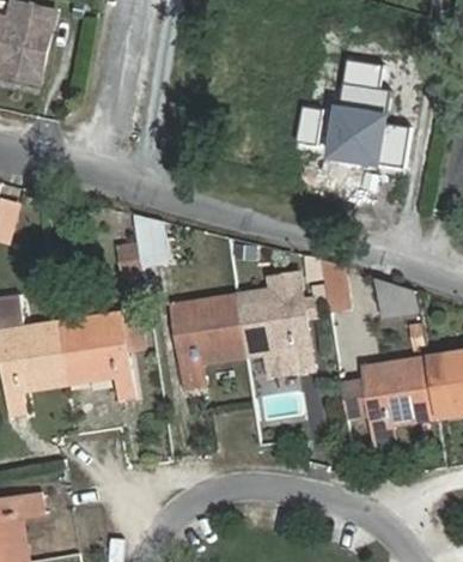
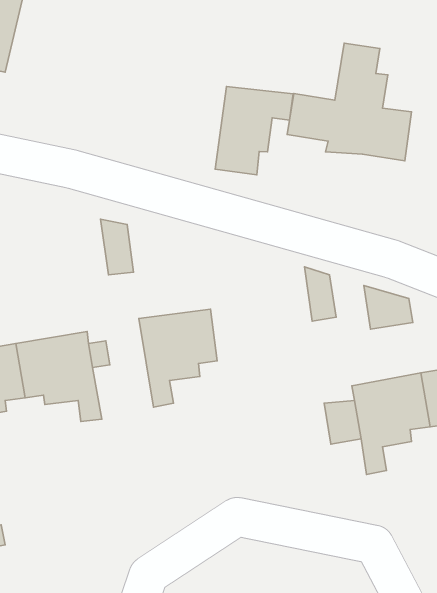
building: none -> [215,87,293,175]
building: [231,288,306,374] -> none

